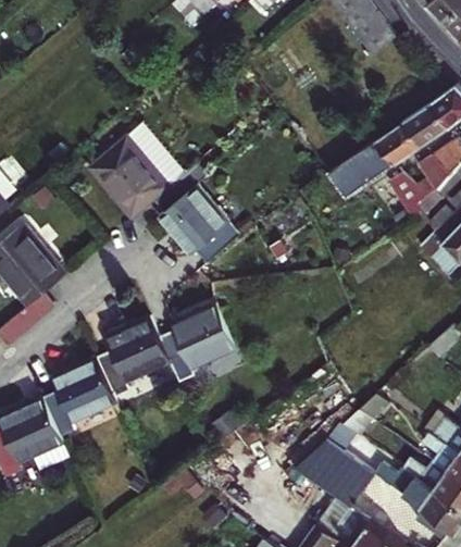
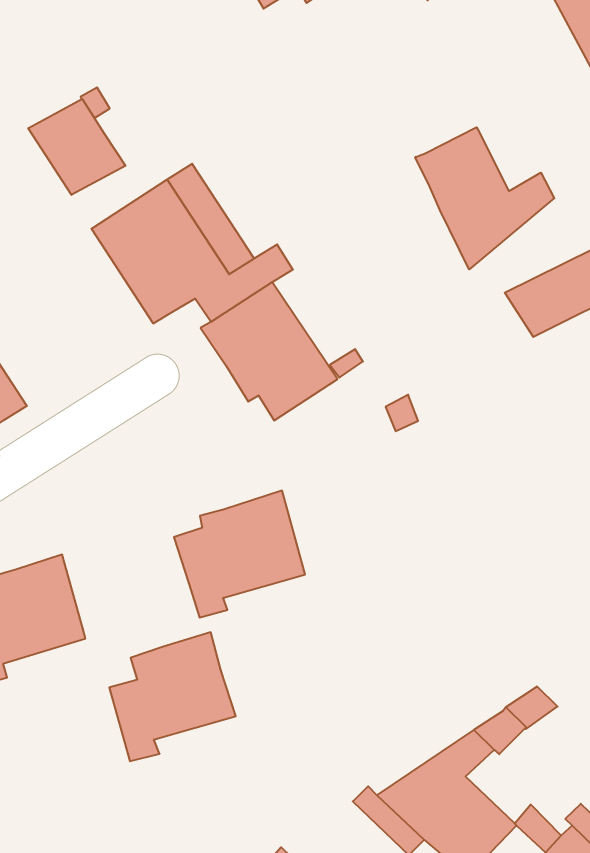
building: none -> [415,127,554,269]
building: none -> [28,99,125,195]
building: [97,316,171,396] -> [109,632,236,761]

